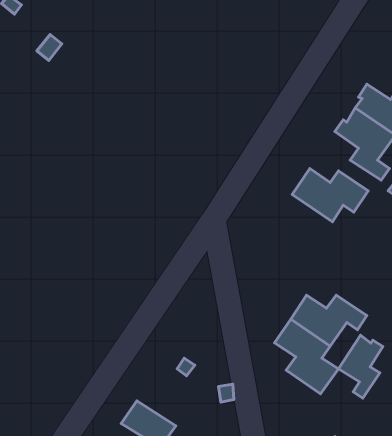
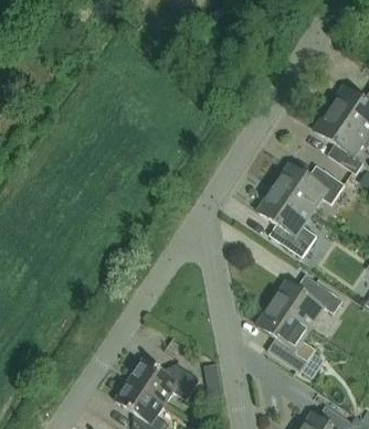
building: none -> [257,186,316,256]
building: [338,335,383,398] -> none
building: none -> [128,356,199,401]

